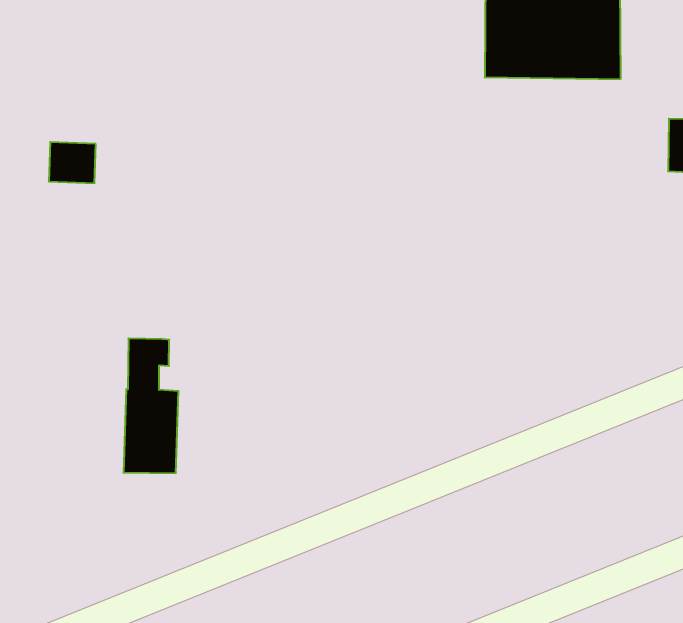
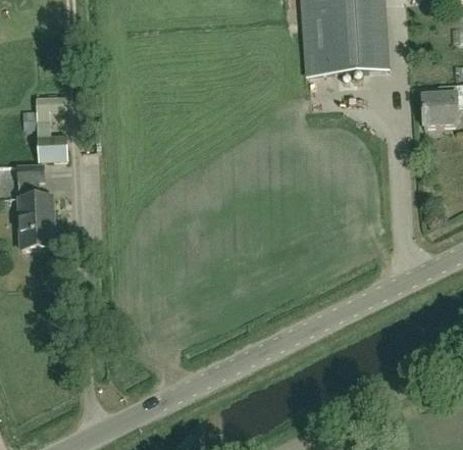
building: none -> [36,95,66,134]
building: [123,338,179,473] -> [18,163,54,248]

